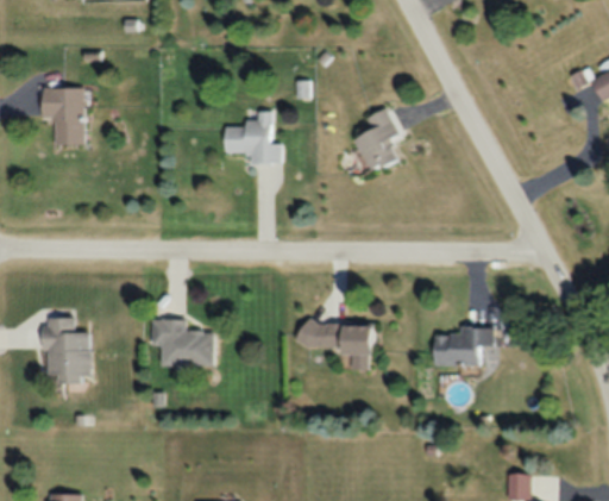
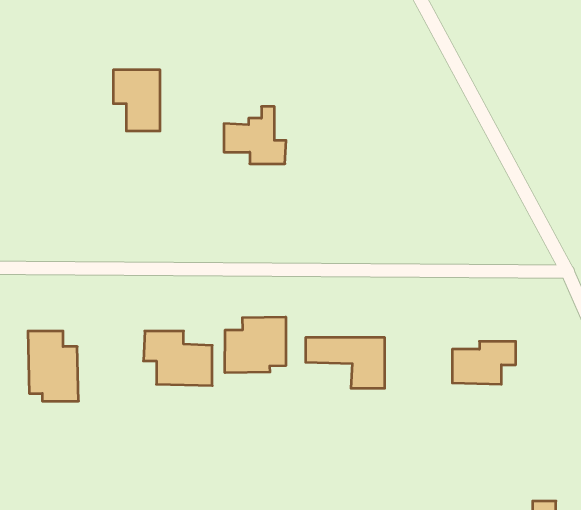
building: [40,88,83,144] -> [113,70,160,131]
building: [354,108,400,174] -> none
building: none -> [225,317,286,373]

